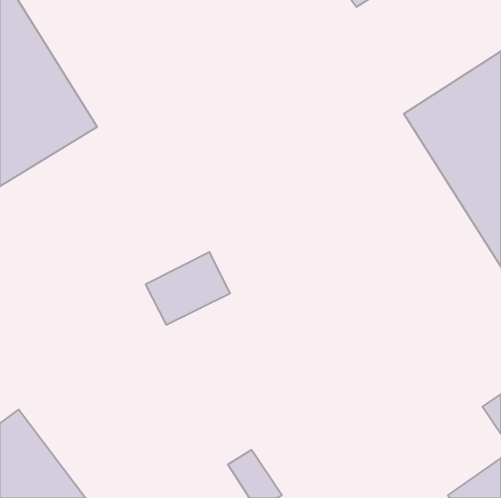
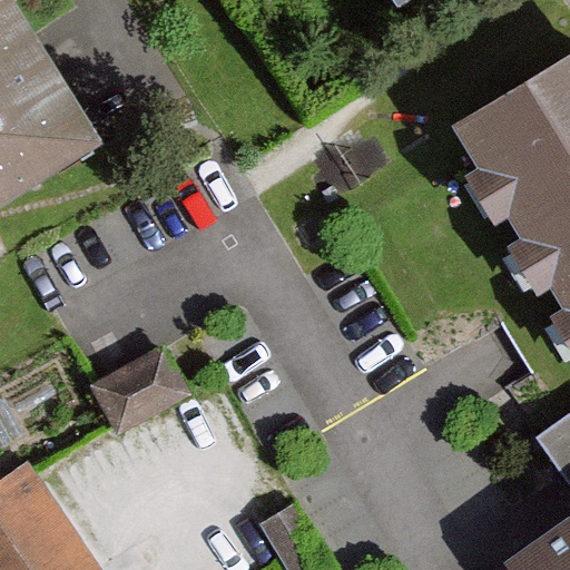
building: [146,252,230,325] -> [89,350,185,432]

